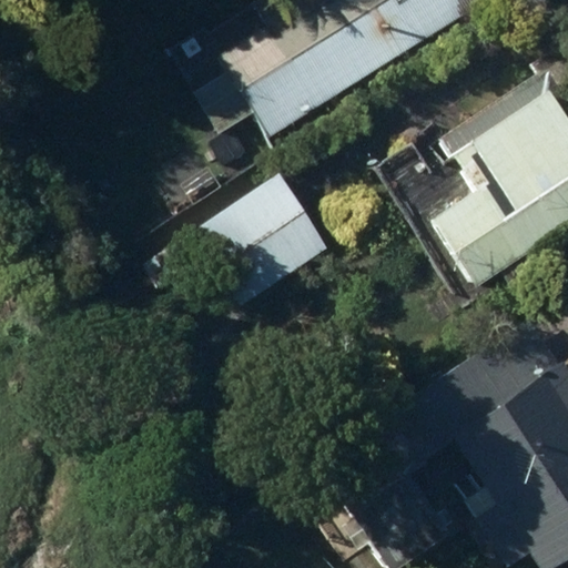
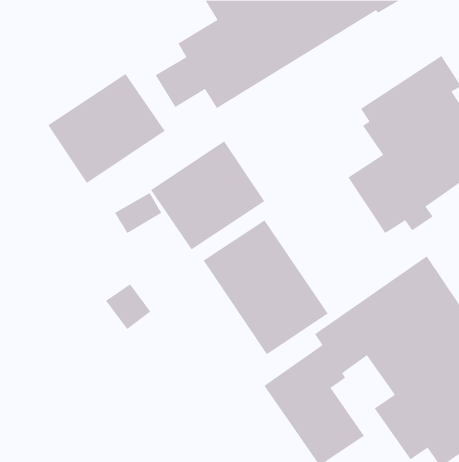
building: none -> [47,73,166,184]
building: none -> [203,220,329,355]

